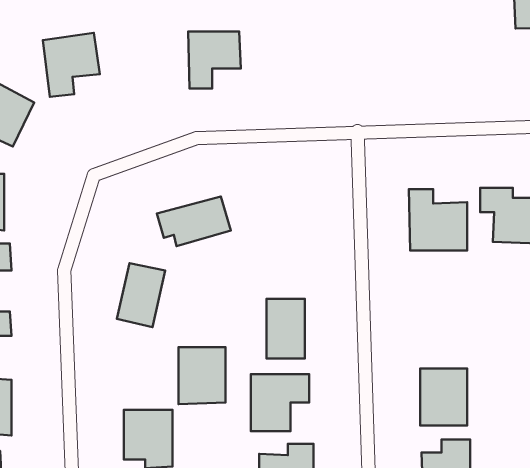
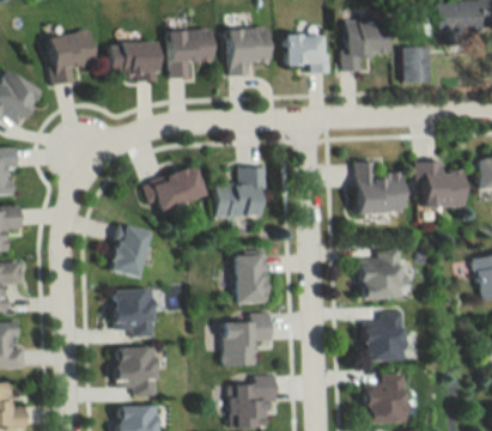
building: none -> [341,19,389,71]
building: none -> [230,28,271,74]
building: none -> [286,32,327,72]
building: none -> [111,42,158,79]
building: none -> [403,47,429,81]
building: none -> [215,166,265,217]
building: none -> [362,248,402,299]
building: [179,347,226,404] -> [115,289,154,336]

